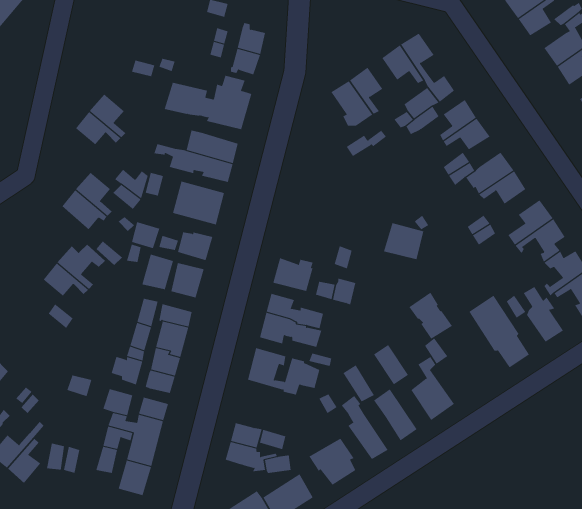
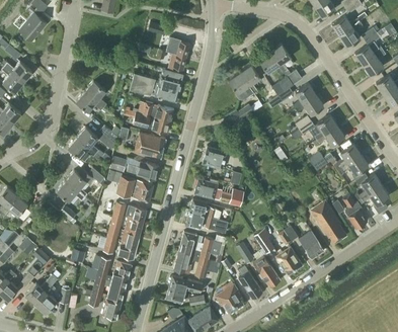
building: [383,223,424,260] -> [202,146,226,168]
building: [409,292,453,340] -> [298,230,324,258]
building: none -> [173,250,220,277]

